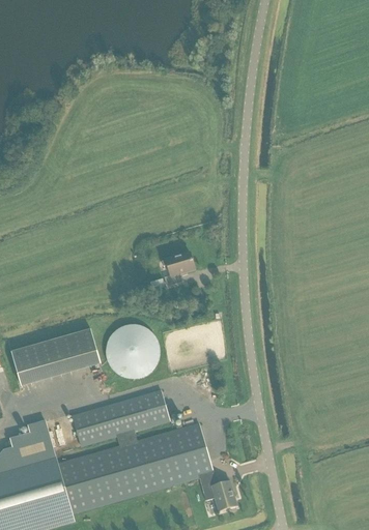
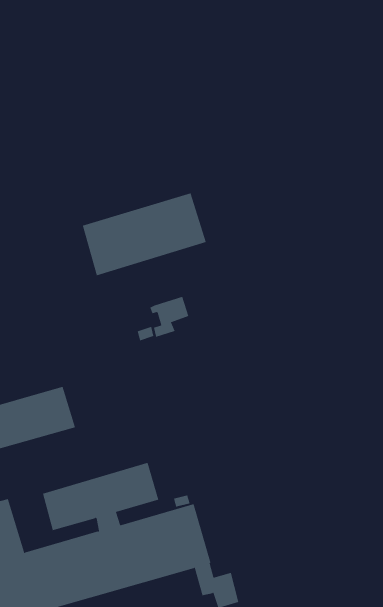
building: none -> [82,192,207,276]
building: [106,325,160,379] -> none

